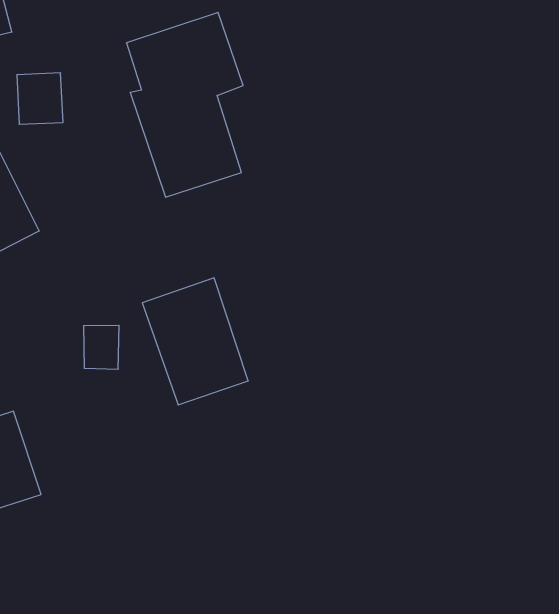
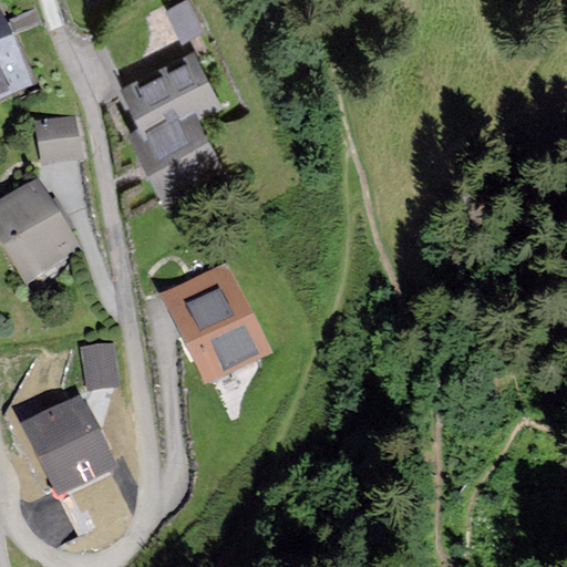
building: [84,325,119,369] -> [81,342,114,381]

